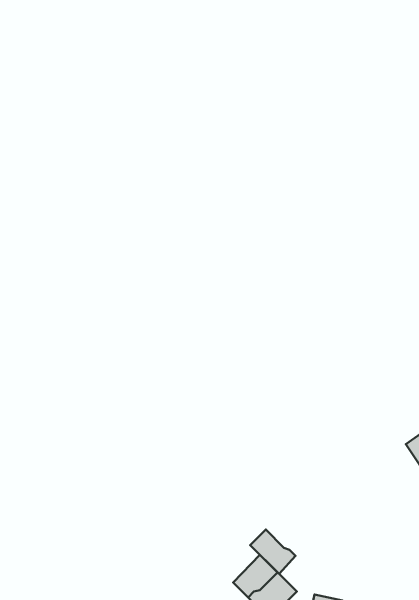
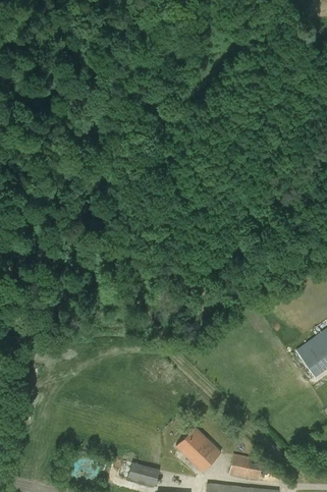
building: [250,530,296,574] -> none

